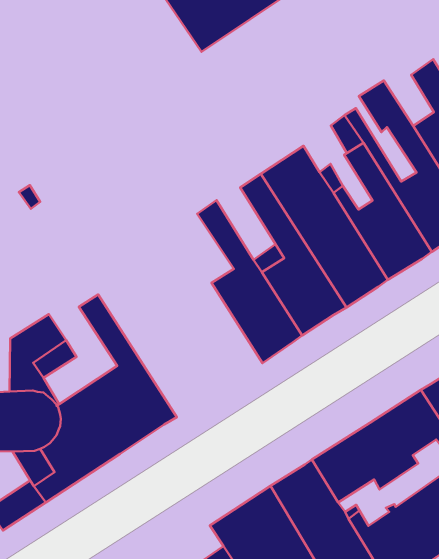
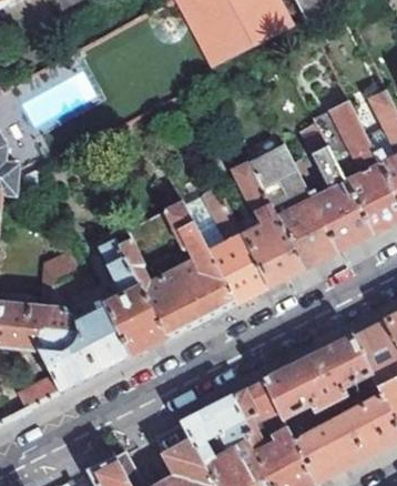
building: none -> [114,204,233,340]

